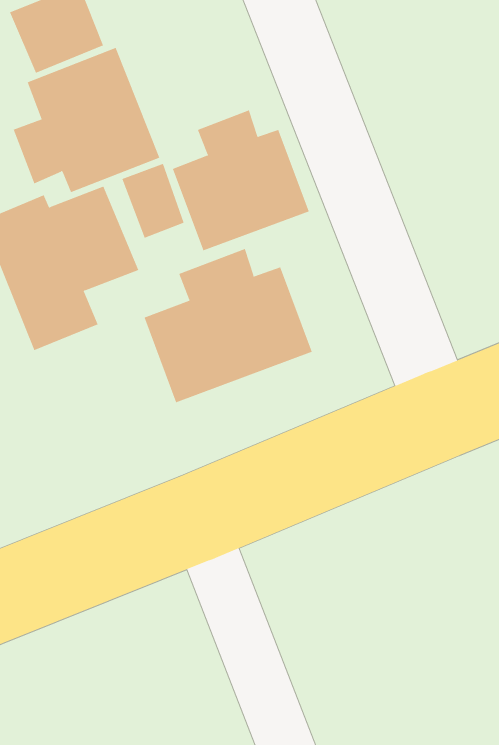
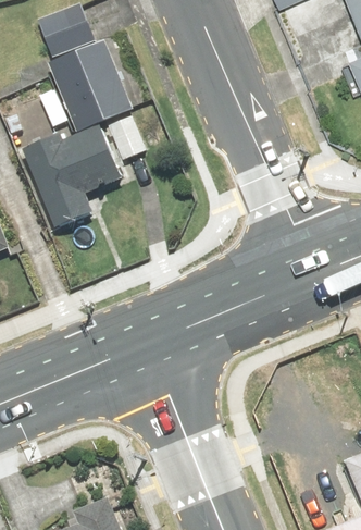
building: [172,110,309,251] -> none
building: [144,248,313,403] -> none

